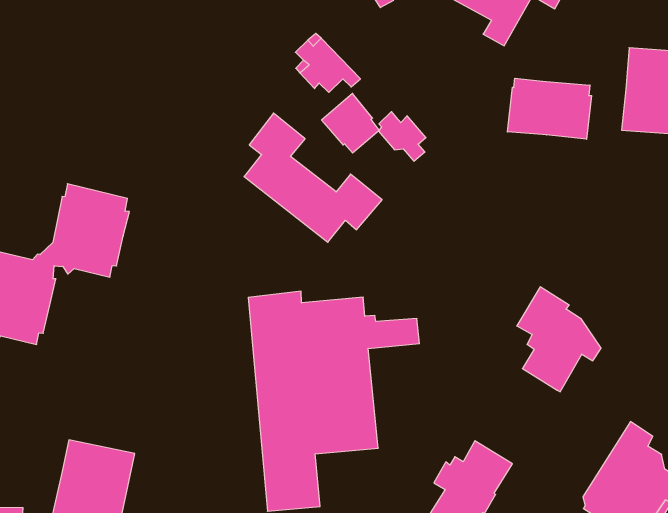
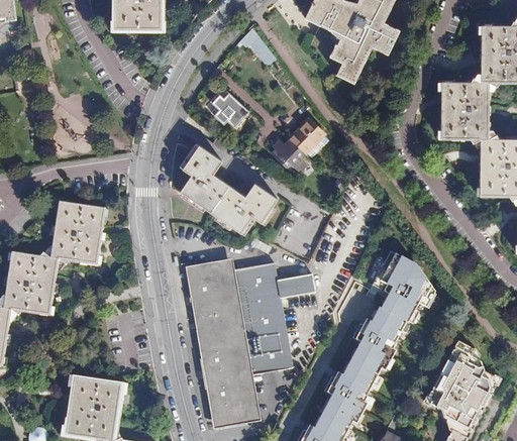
building: [507,78,592,139] -> none
building: [322,93,379,153] -> [289,115,329,156]
building: none -> [354,306,409,373]

